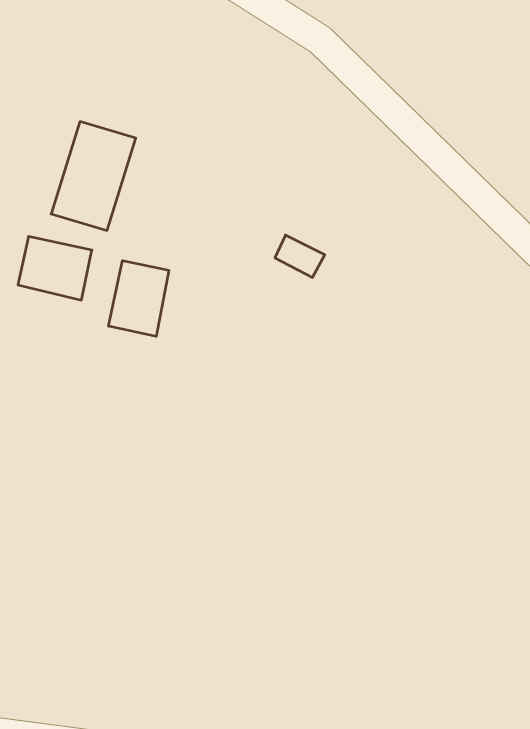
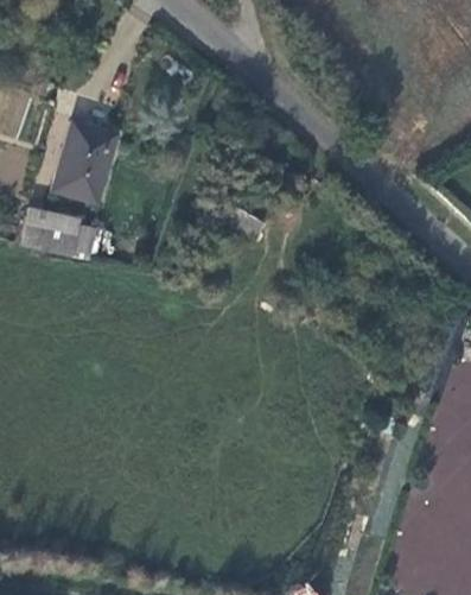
building: [109,261,169,336] -> none

